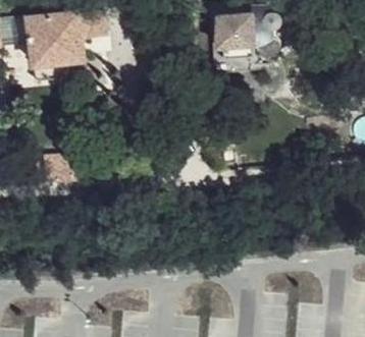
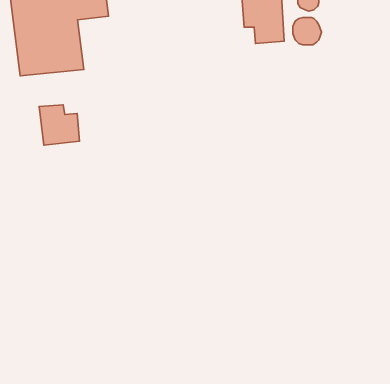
building: none -> [39,105,79,145]

